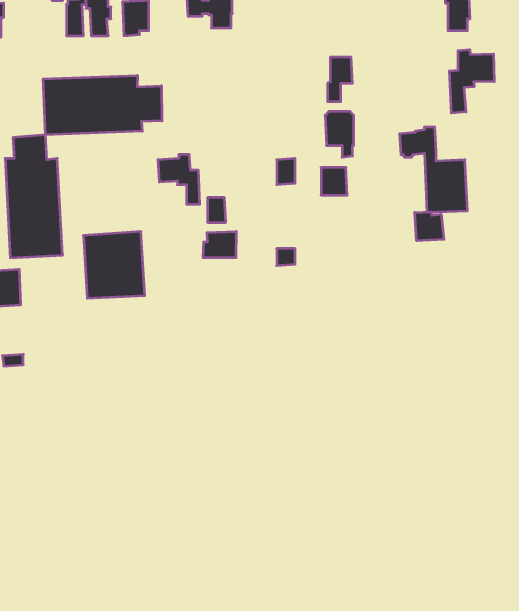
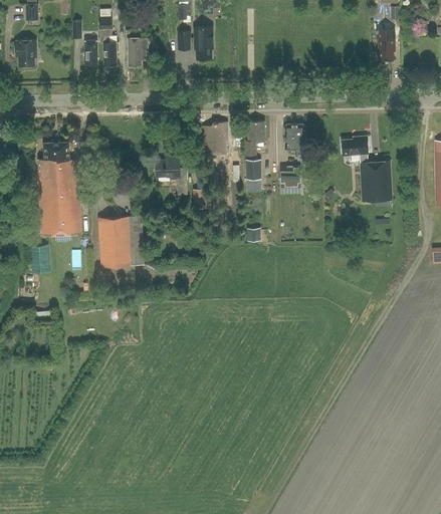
building: [449,50,494,113] -> none
building: [328,57,352,102] -> [245,121,264,156]
building: [43,75,162,135] -> none
building: none -> [202,121,227,154]
building: [415,212,444,241] -> none
building: [203,231,236,258] -> none

